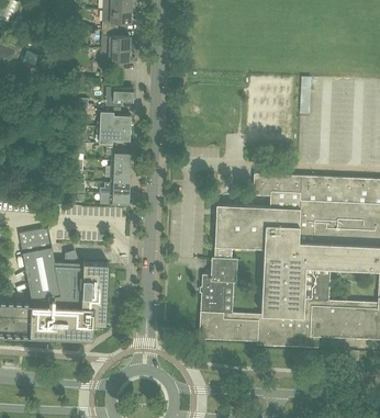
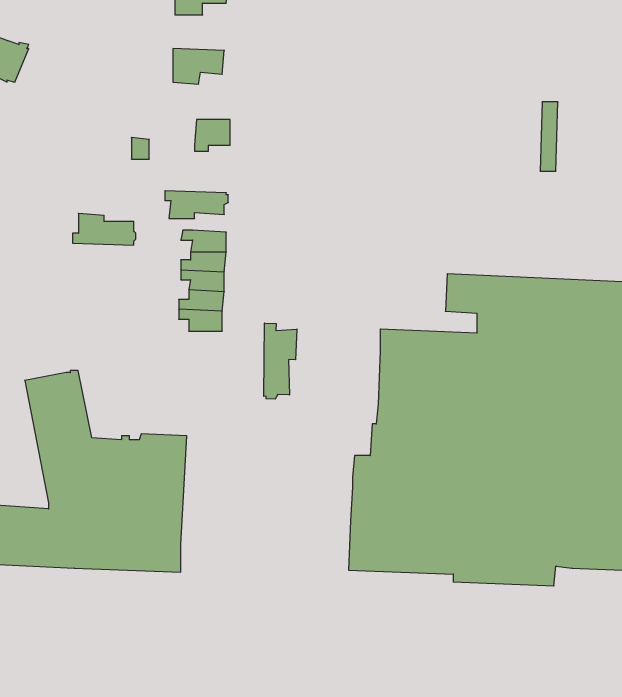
building: [101,30,131,49] -> none
building: [97,111,132,128] -> [73,213,136,245]
building: none -> [264,323,297,399]

